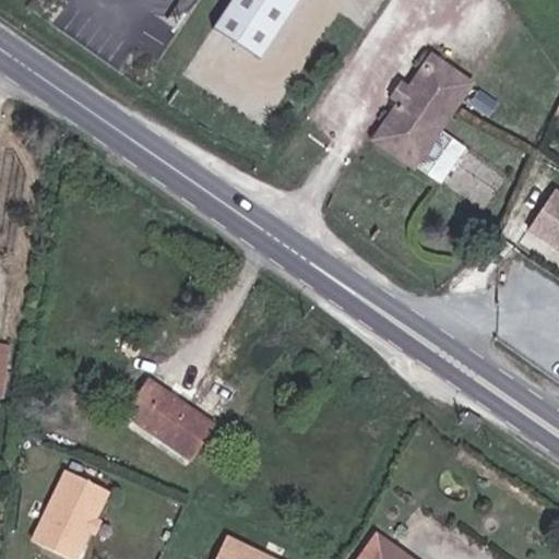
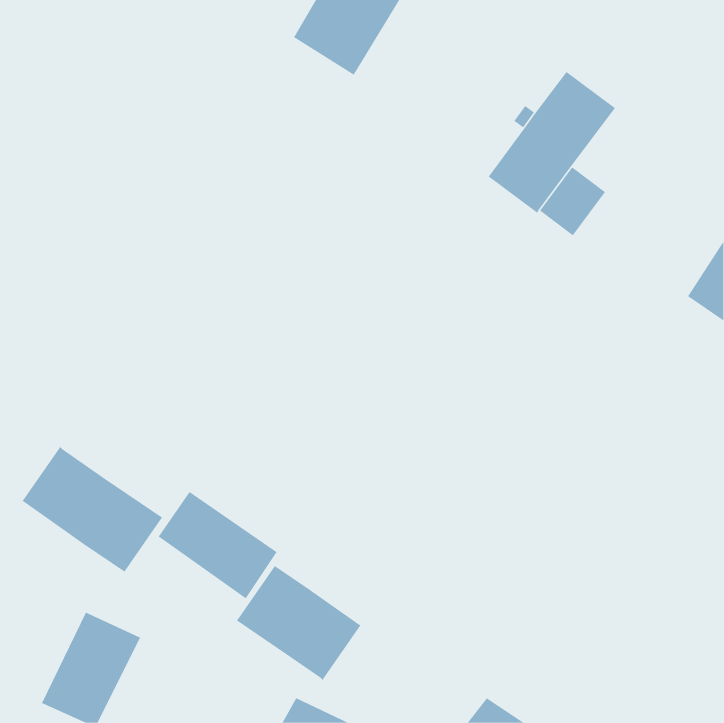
building: none -> [22,446,163,572]
building: none -> [236,565,361,681]

